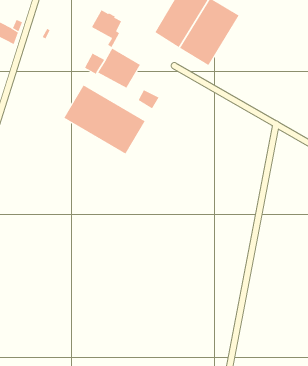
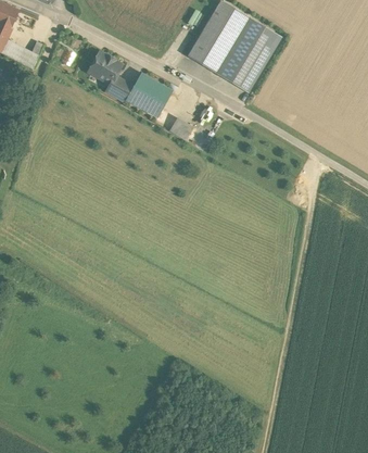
building: [91,9,122,48] -> [88,51,122,93]
building: [63,84,146,154] -> none

